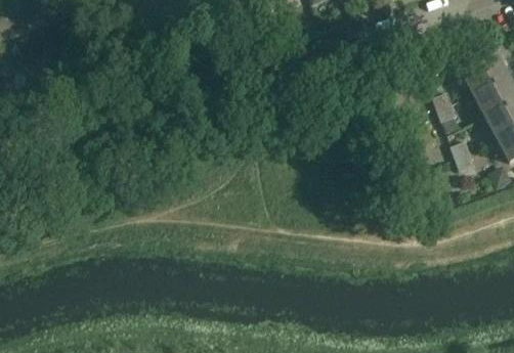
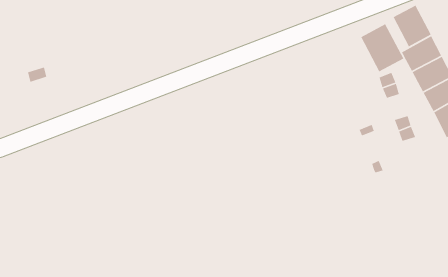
building: none -> [392,4,432,47]
building: none -> [360,23,404,72]

